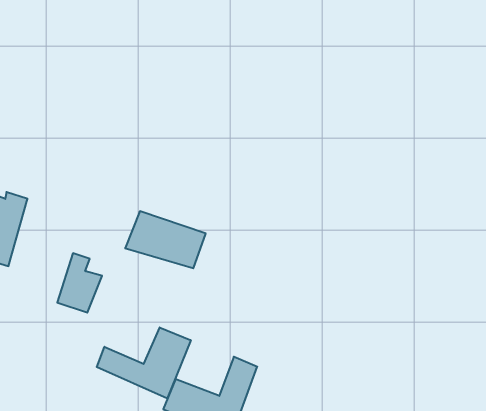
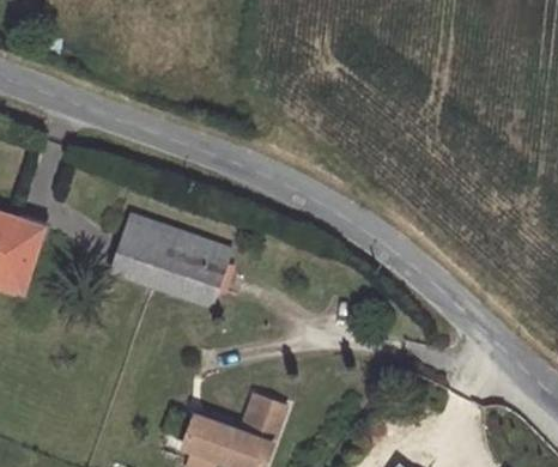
building: [57,253,102,313] -> [111,211,159,274]
building: [97,327,191,398] -> none

